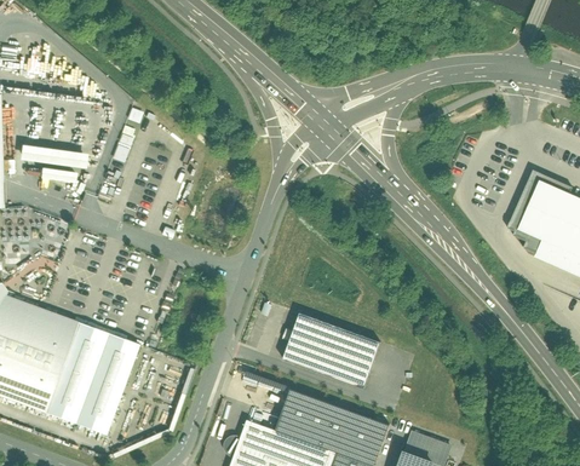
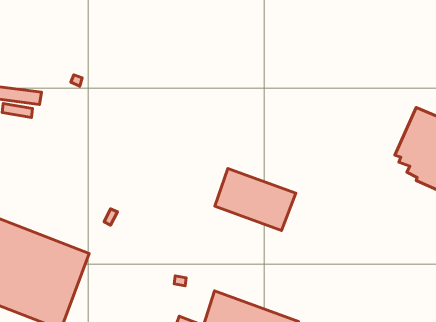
building: [277,311,374,385] -> [215,169,296,231]

